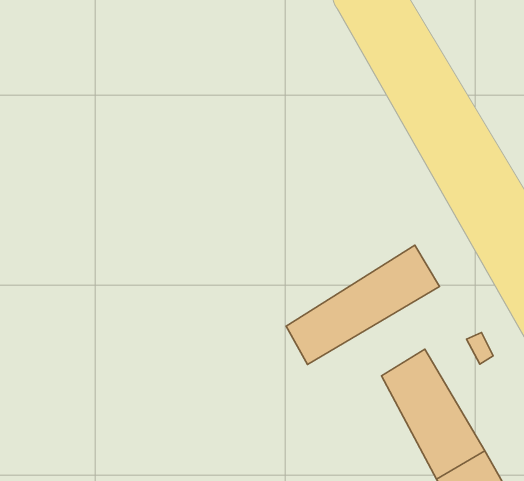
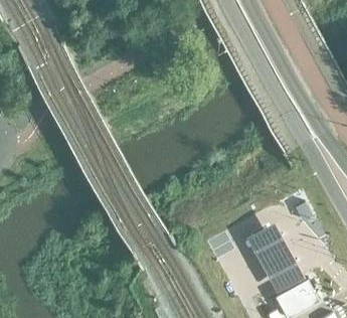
building: [286,245,439,364] -> none

